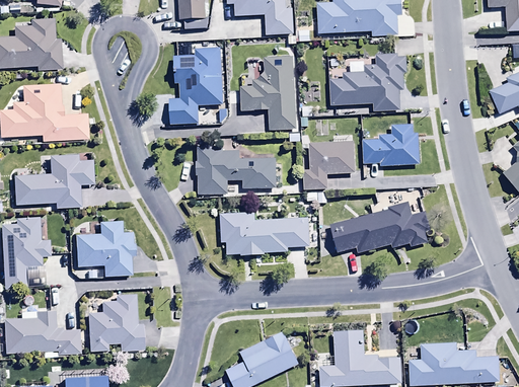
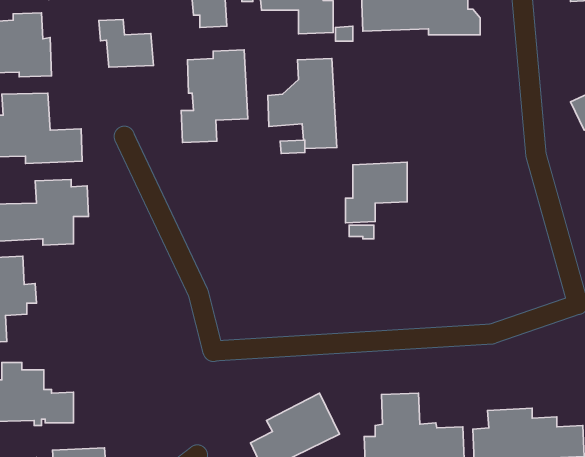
building: none -> [99,20,153,67]
building: [329,53,406,110] -> none
building: [363,124,421,166] -> none
building: [196,145,278,194] -> none
building: [330,202,431,252] -> none
building: [221,211,310,255] -> none
building: [76,221,135,276] -> none
building: [87,294,144,351] -> none

